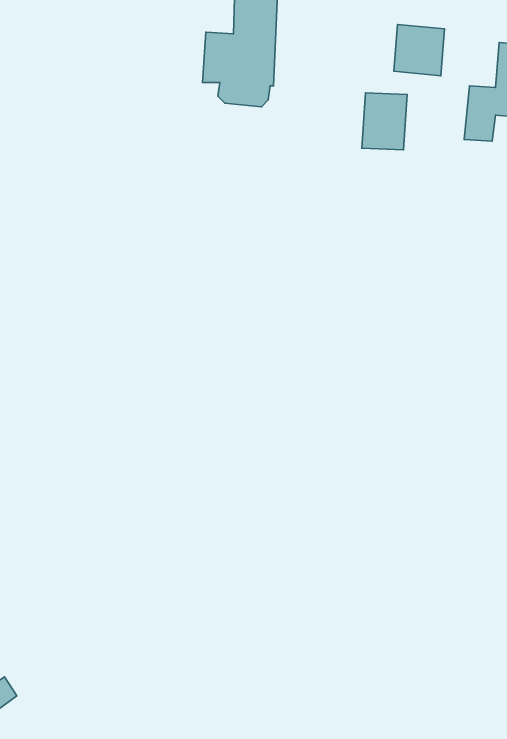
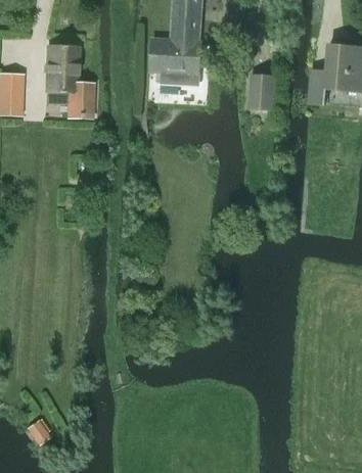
building: [394,24,445,76] -> none
building: none -> [46,46,94,119]

